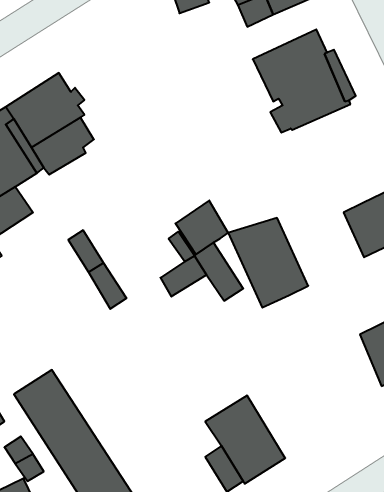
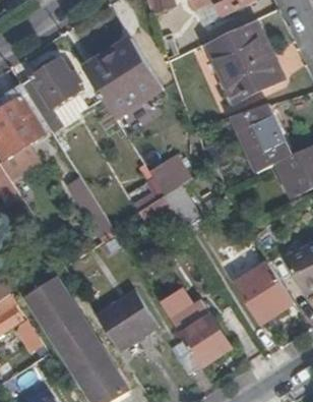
building: none -> [82,38,162,118]
building: [228,218,308,308] -> [229,105,289,172]
building: none -> [234,262,293,324]
building: none -> [95,290,158,350]

